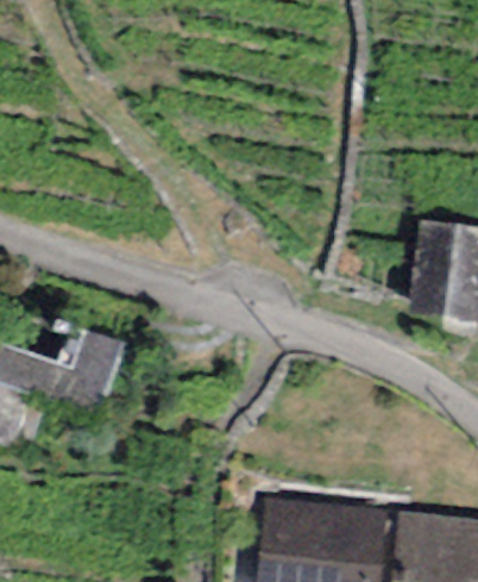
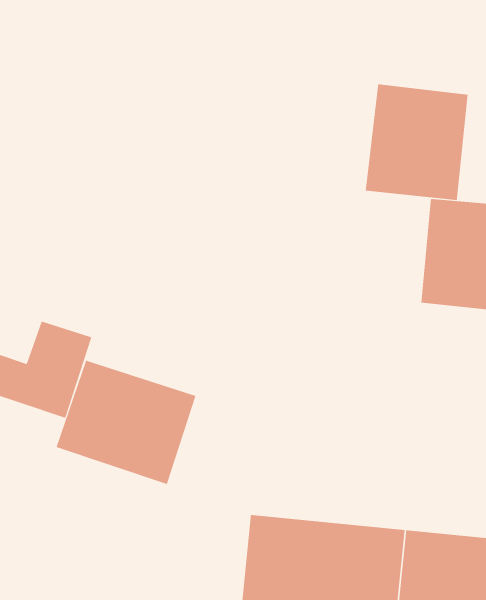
building: none -> [365,83,468,201]
building: none -> [56,360,196,485]

